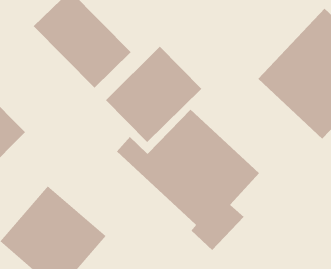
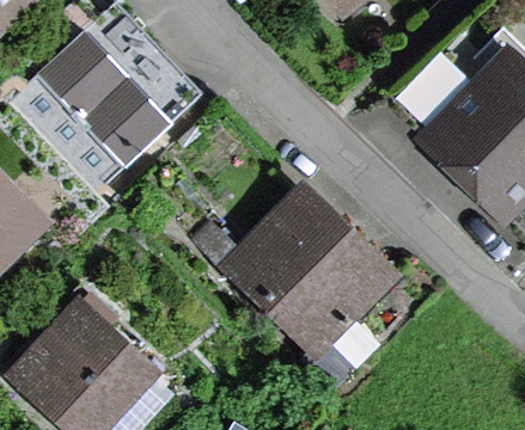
building: [105,46,202,143] -> none

